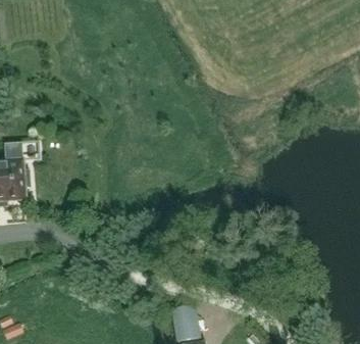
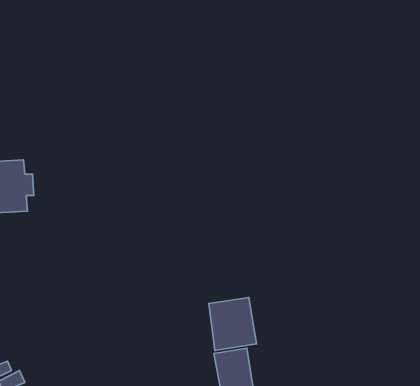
building: none -> [209,297,257,351]

